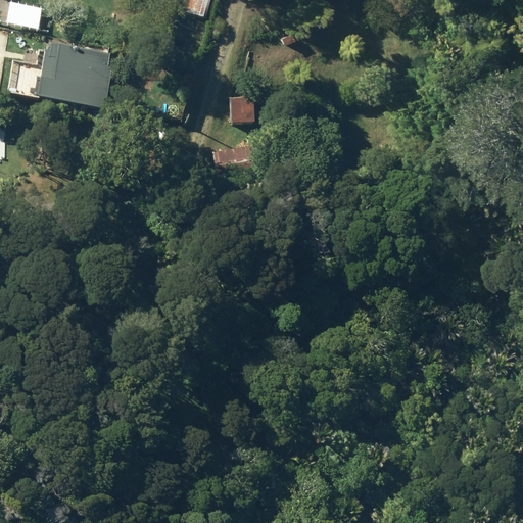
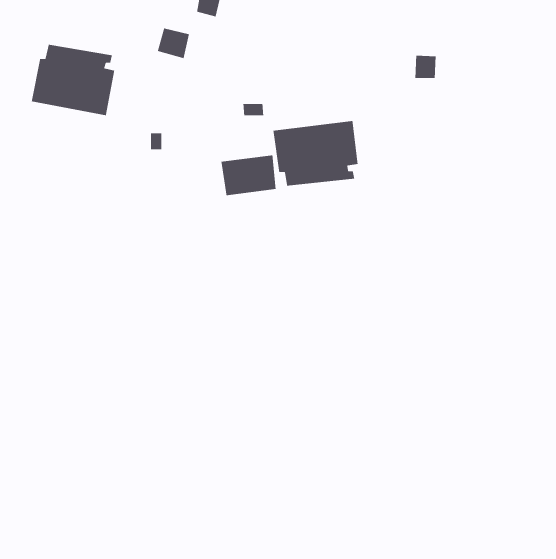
building: none -> [273,120,359,187]

